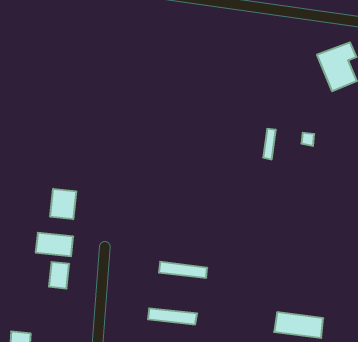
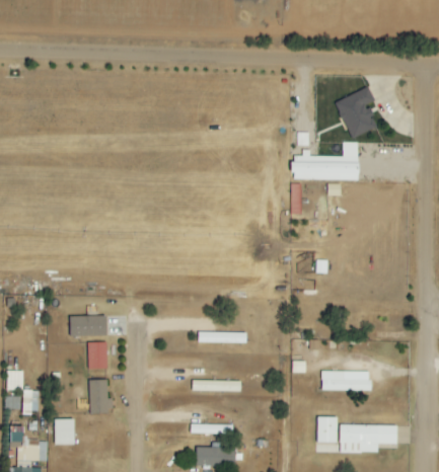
building: none -> [292,143,358,181]
building: [50,189,76,219] -> none
building: none -> [88,381,107,413]

